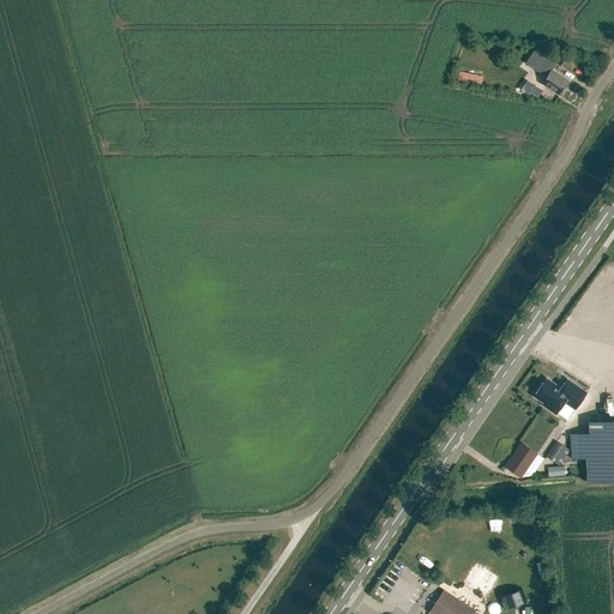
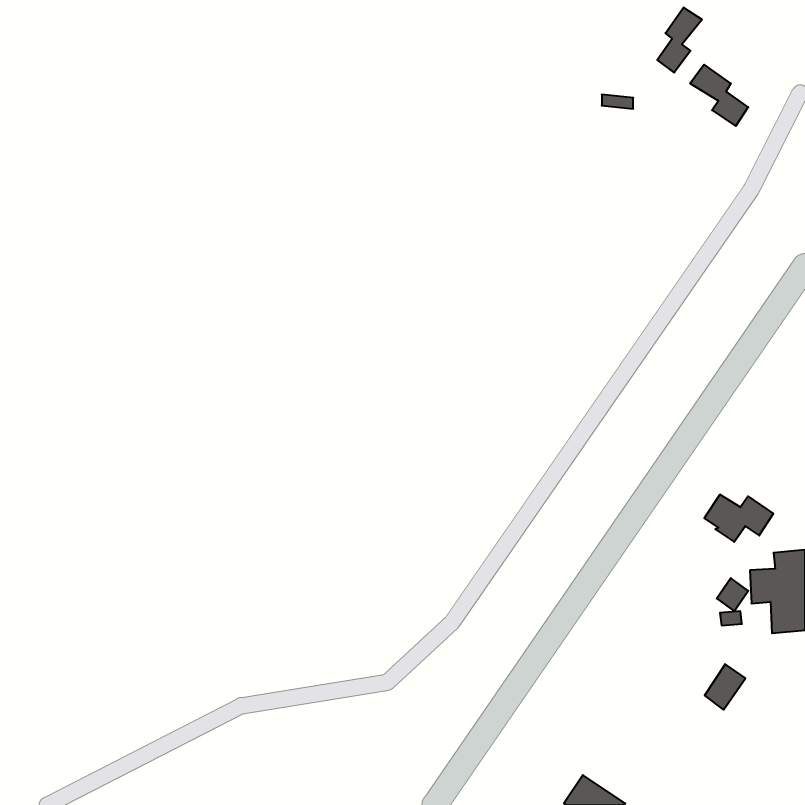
building: none -> [657,7,702,73]
building: [506,443,537,477] -> [705,664,745,710]

